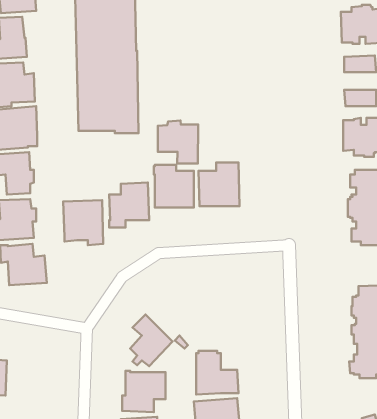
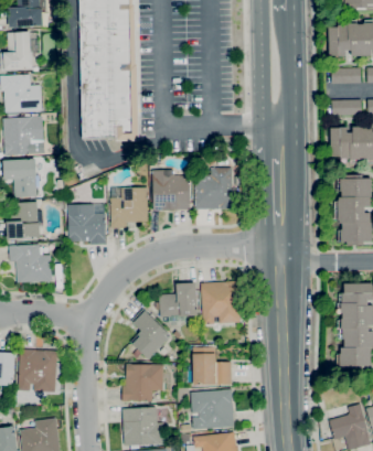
building: [158,121,198,164] -> none
building: none -> [201,280,239,324]
building: none -> [154,282,198,316]
building: none -> [18,348,57,391]

